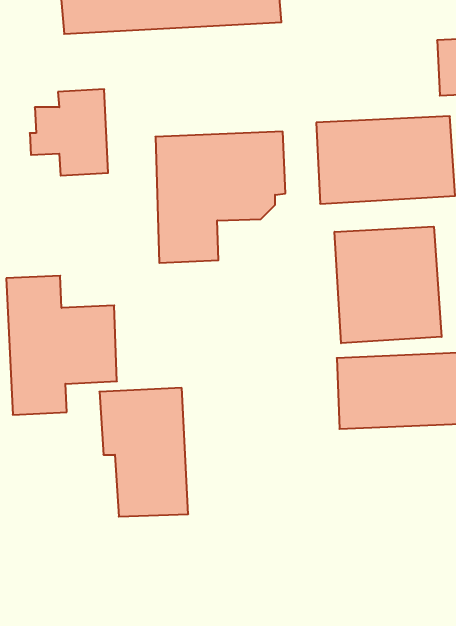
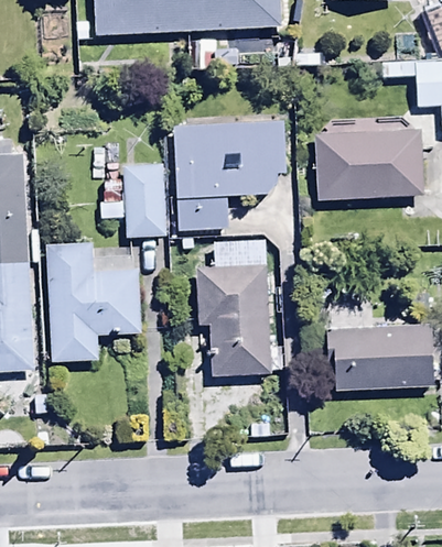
building: [30,89,108,176] -> [99,165,166,239]
building: [335,227,442,343] -> none
building: [99,388,188,517] -> [196,250,272,360]

